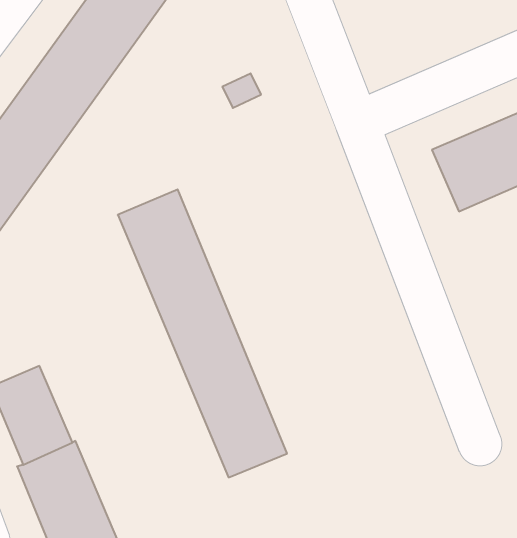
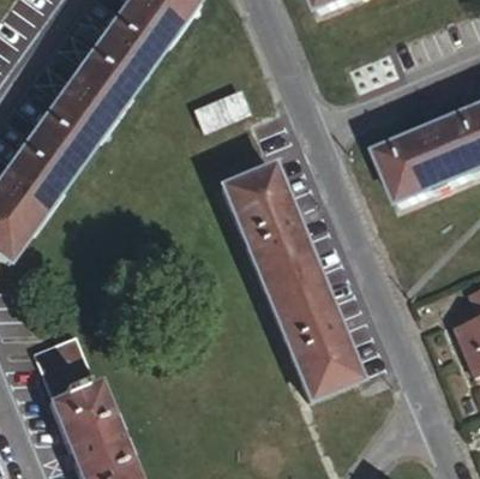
building: [118,189,287,477] -> [224,163,360,394]

